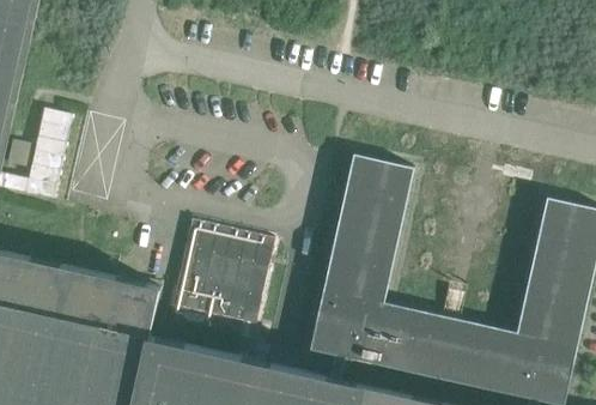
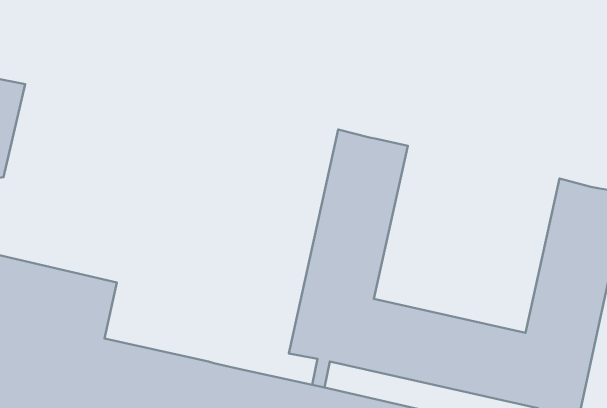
building: [170,220,273,325] -> none

